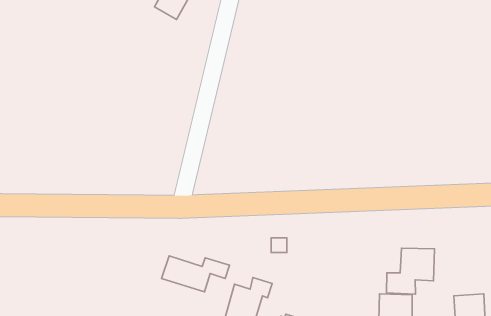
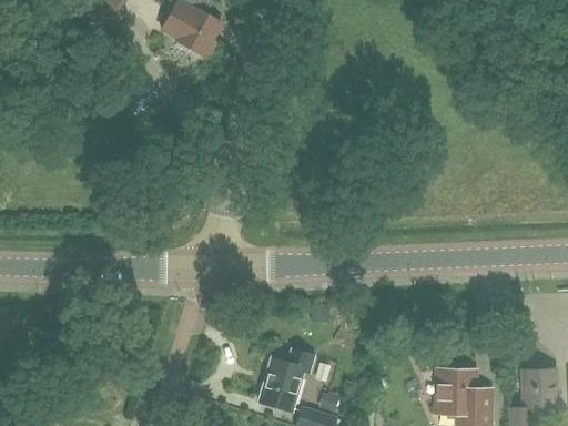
building: [387,248,434,294] -> none
building: [162,256,229,292] -> none

